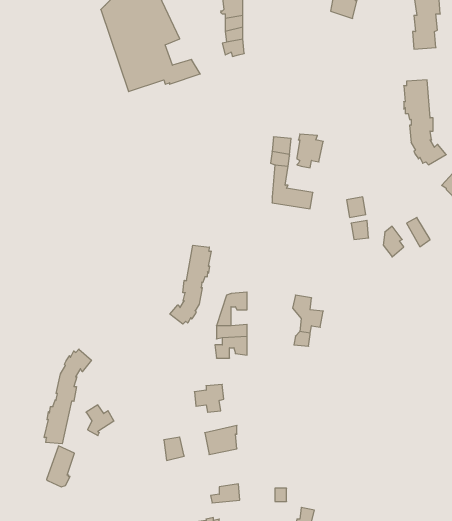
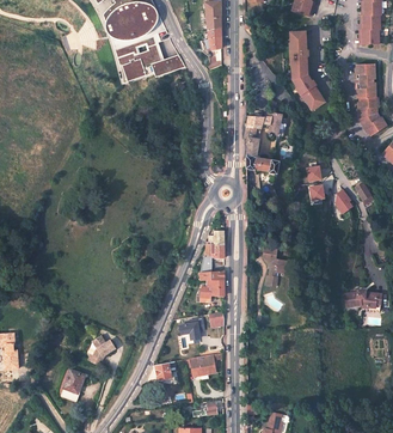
building: none -> [287,31,323,109]
building: [170,245,211,324] -> none
building: [44,349,91,444] -> none
building: none -> [343,289,382,312]

